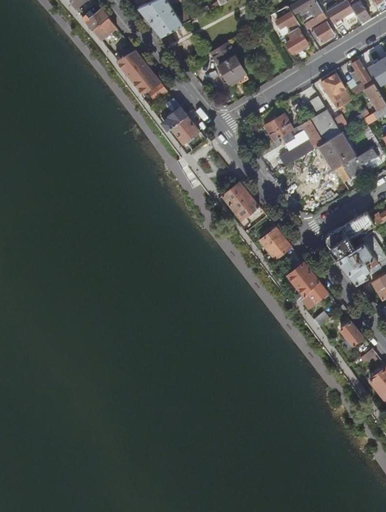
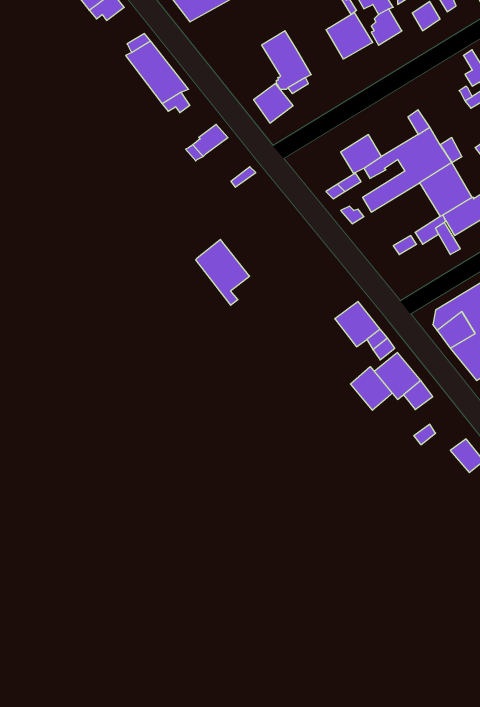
building: none -> [326,13,373,59]
building: [318,73,345,103] -> none
building: [172,116,199,143] -> [254,84,293,123]
building: [222,182,259,227] -> [196,239,250,305]
building: none -> [350,367,392,410]

